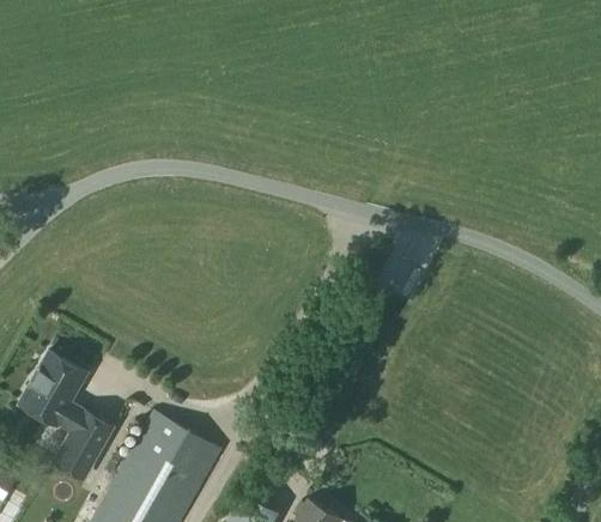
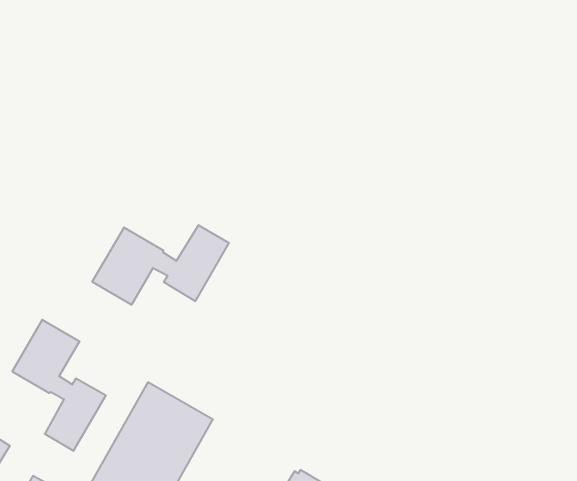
building: none -> [92,225,229,305]

